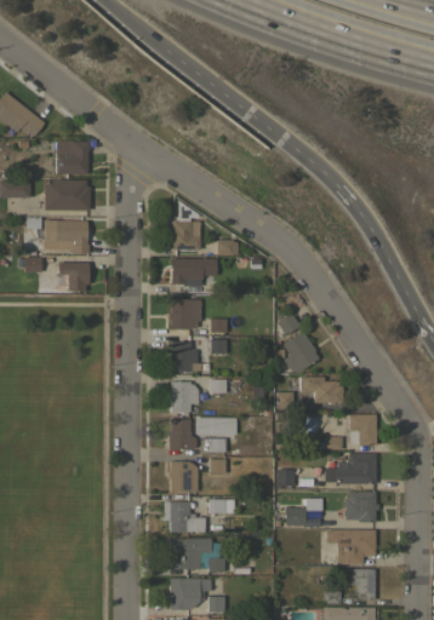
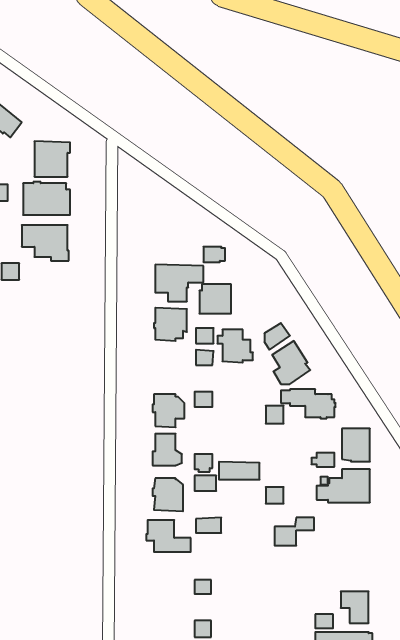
building: [170,222,200,249] -> [199,284,231,314]
building: [58,262,88,292] -> none
building: [166,341,200,373] -> [217,330,253,363]
building: [196,418,235,435] -> [219,462,260,480]
building: [343,492,379,523] -> none
building: [326,529,376,564] -> none
building: [169,539,211,569] -> none
building: [167,579,211,610] -> none

